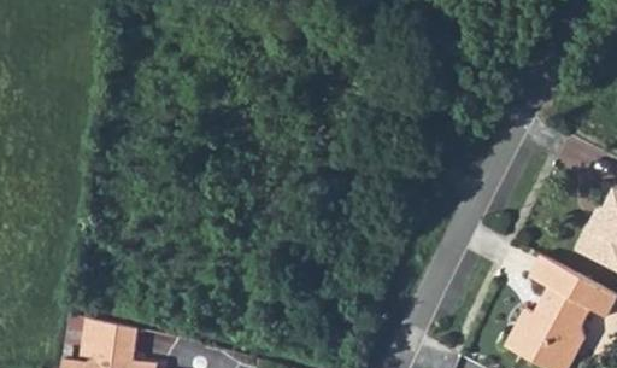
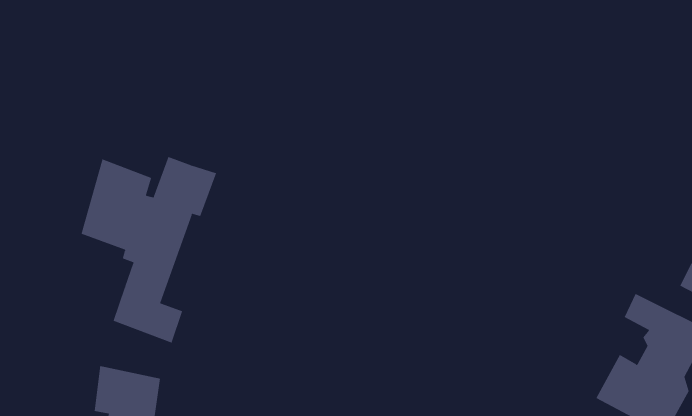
building: none -> [81,156,217,344]

